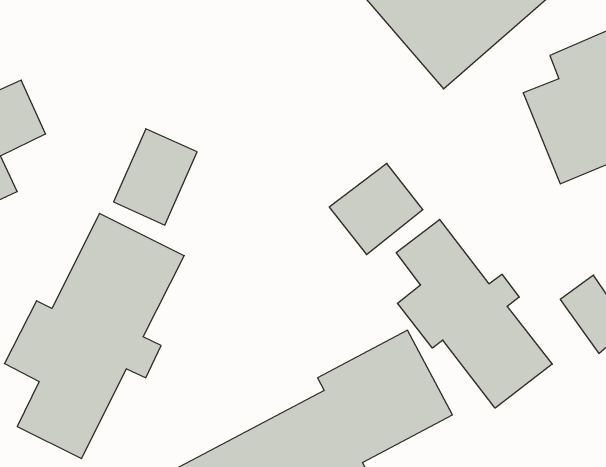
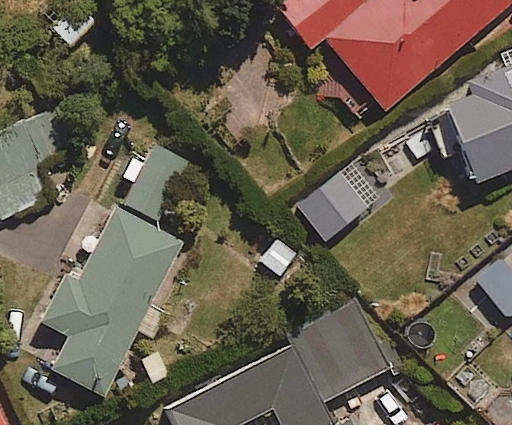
building: [396,219,552,408] -> none

